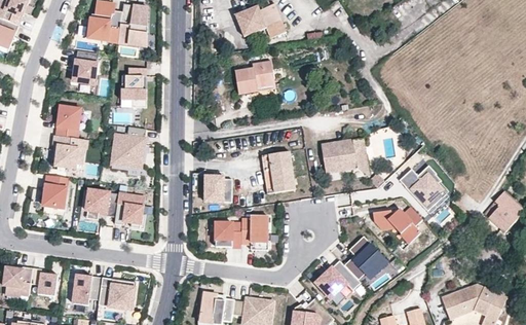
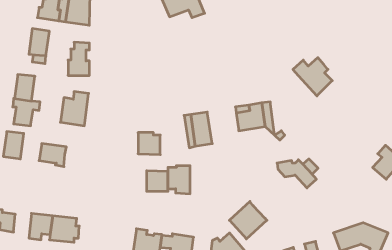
building: [234,61,273,95] -> none
building: [398,166,445,212] -> [293,58,332,96]
building: [116,193,145,227] -> none
building: [343,236,387,280] -> none

